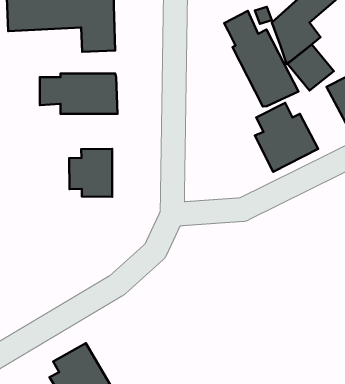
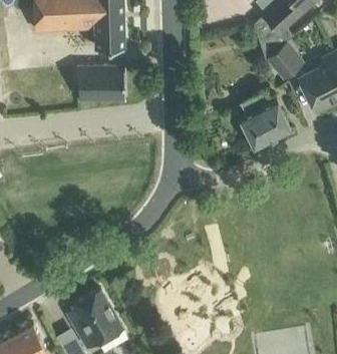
building: [224,11,298,106] -> none
building: [69,149,112,197] -> none

